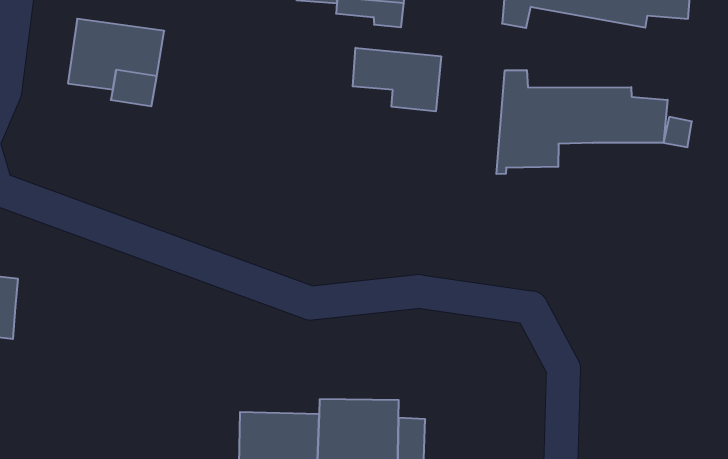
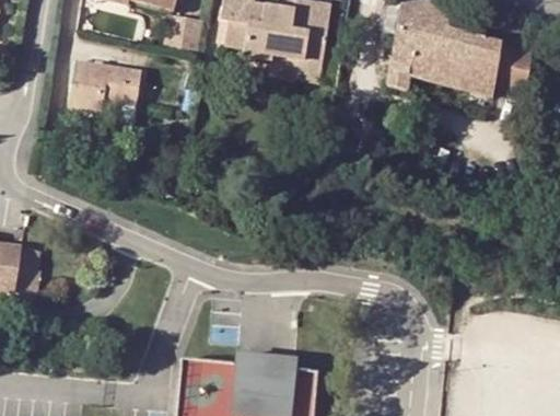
building: [353,48,441,111] -> none
building: [496,70,668,174] -> none

